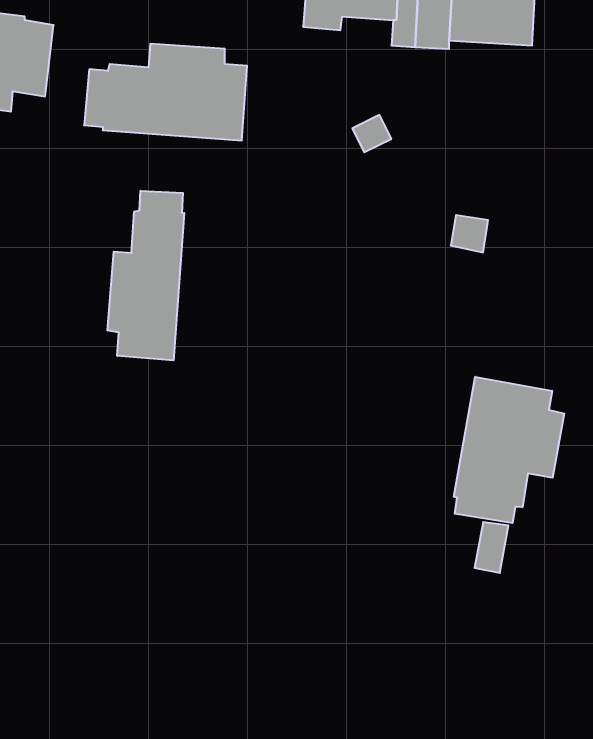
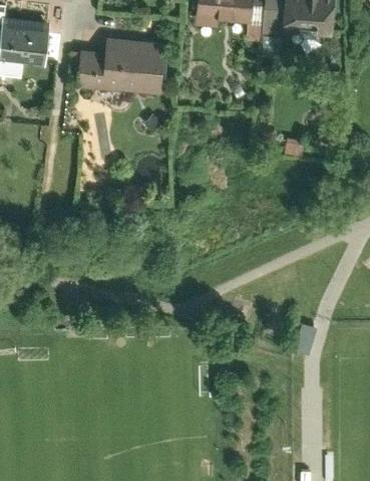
building: [108,191,184,360] -> none
building: [454,377,564,523] -> none

